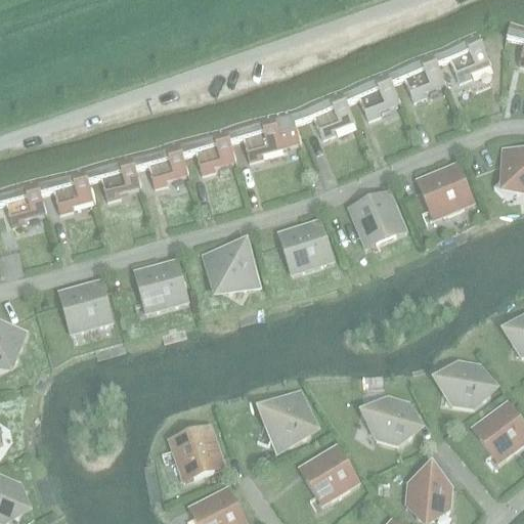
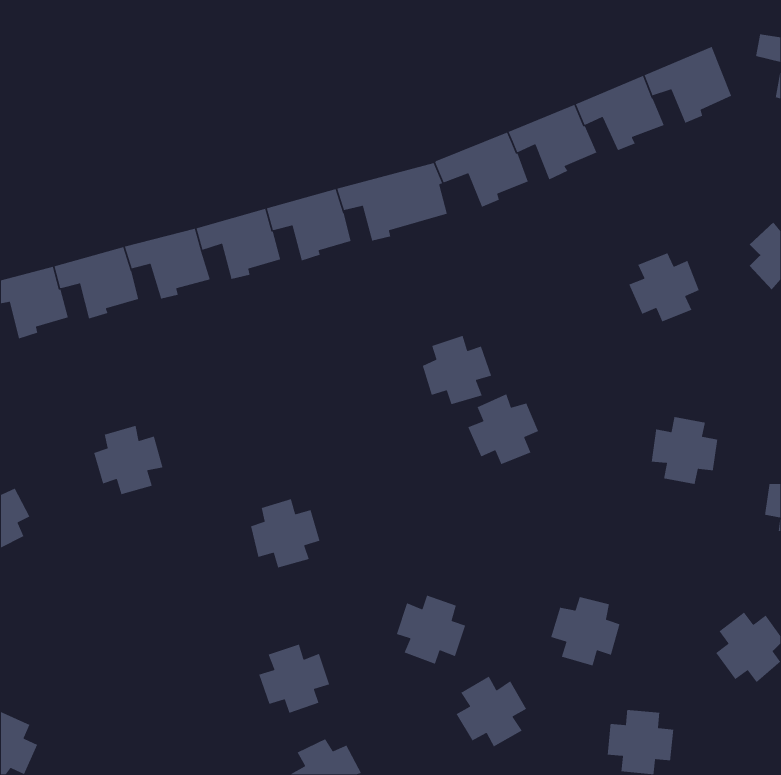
building: [353,196,401,245] -> [467,393,539,465]
building: [207,247,255,295] -> none
building: [138,264,185,311] -> [250,498,320,569]
building: [443,363,488,409] -> [651,416,718,485]

